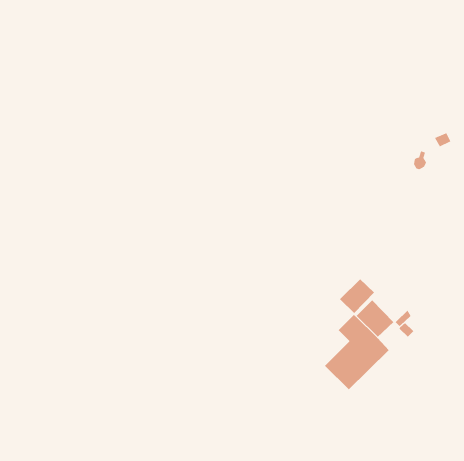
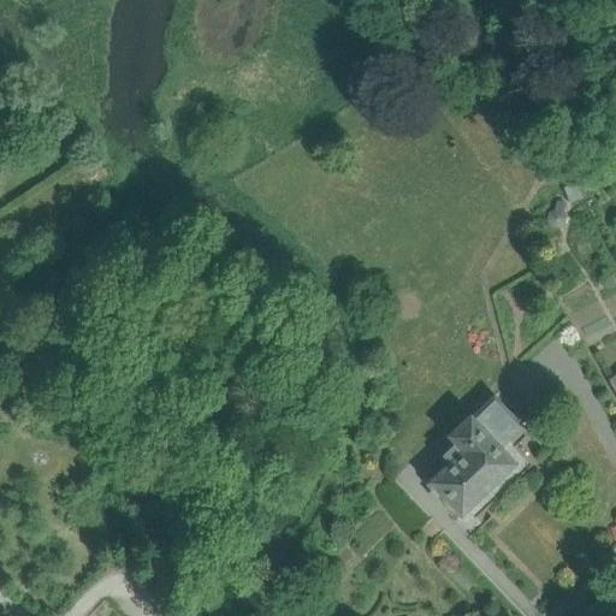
building: [339,278,375,314] -> none

